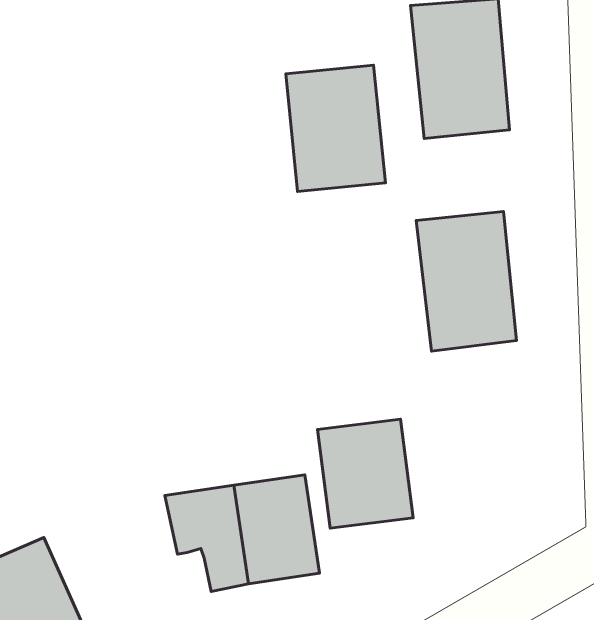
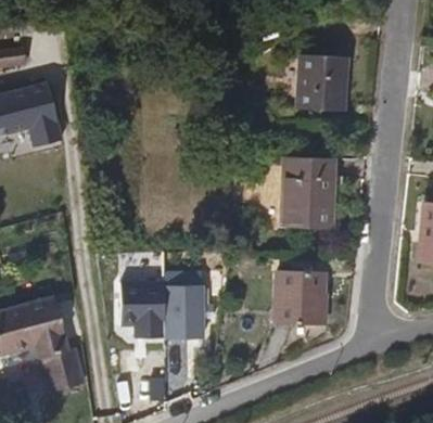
building: [286,65,386,192] -> none
building: [317,419,413,528] -> [273,271,320,326]

